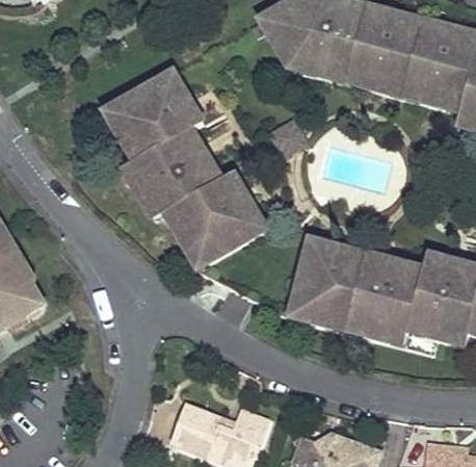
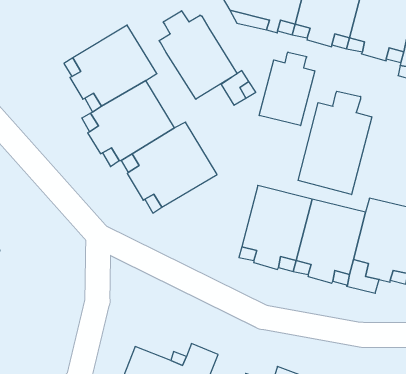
building: none -> [159,11,237,99]
building: none -> [259,52,315,126]
building: none -> [298,91,372,195]

